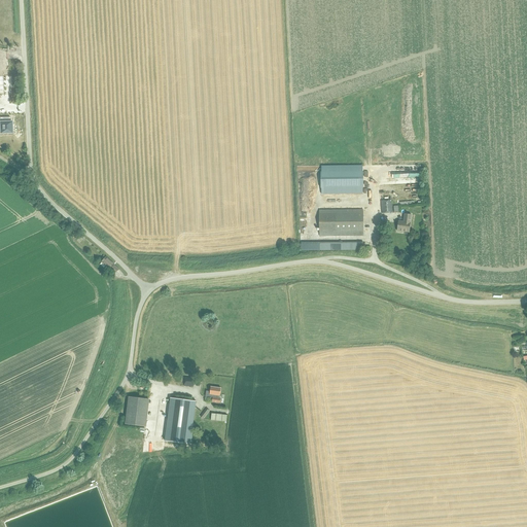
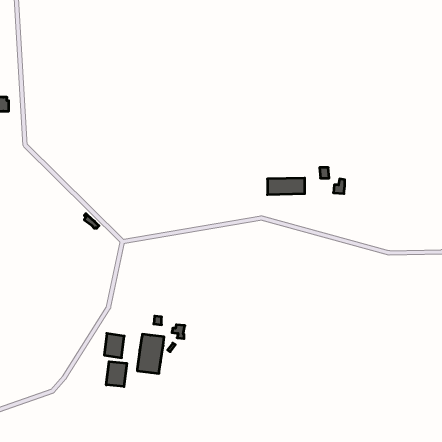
building: [319,170,361,186] -> none
building: none -> [106,362,127,387]

